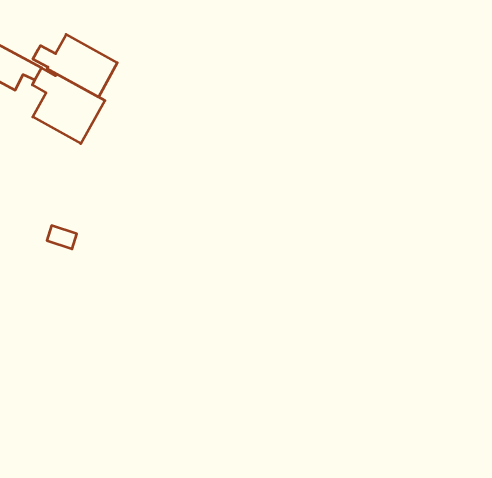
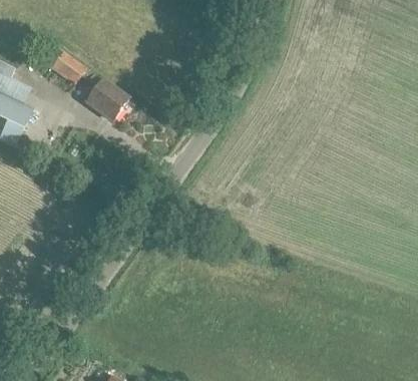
building: [33,34,117,97] -> none

